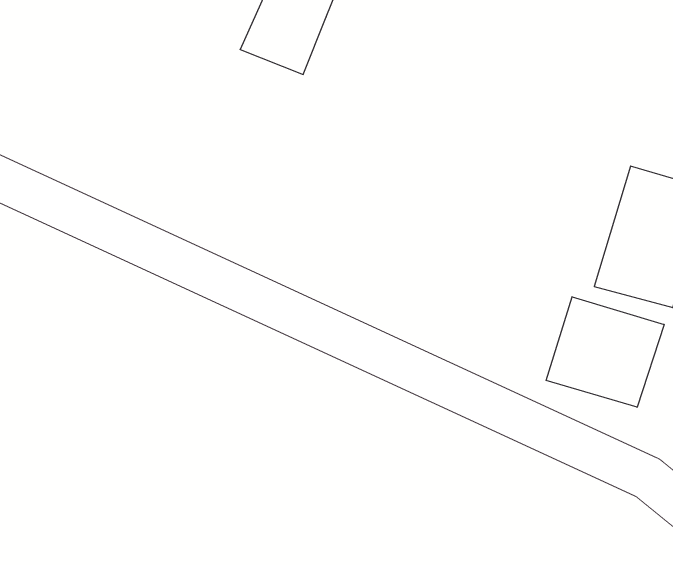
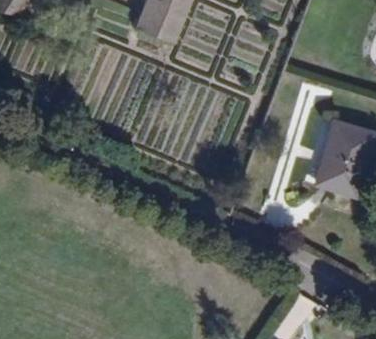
building: [546,297,664,407] -> none

